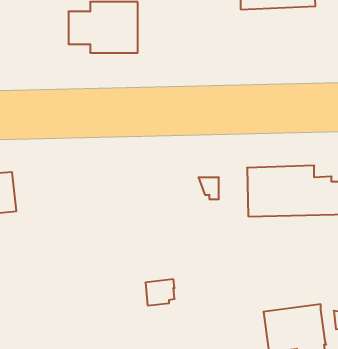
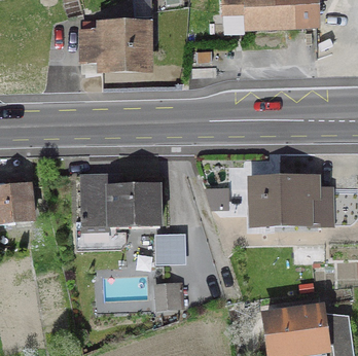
building: none -> [80,174,159,227]
building: none -> [163,233,190,262]

